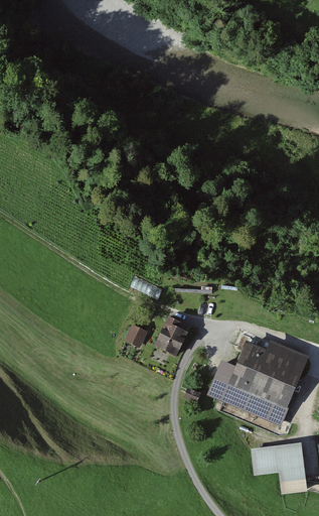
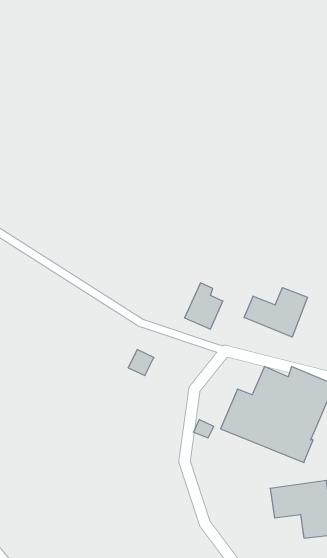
building: none -> [244,288,308,337]
building: [154,313,188,355] -> [185,283,223,329]

